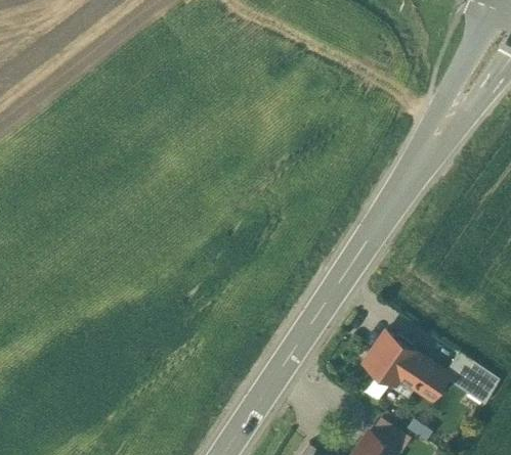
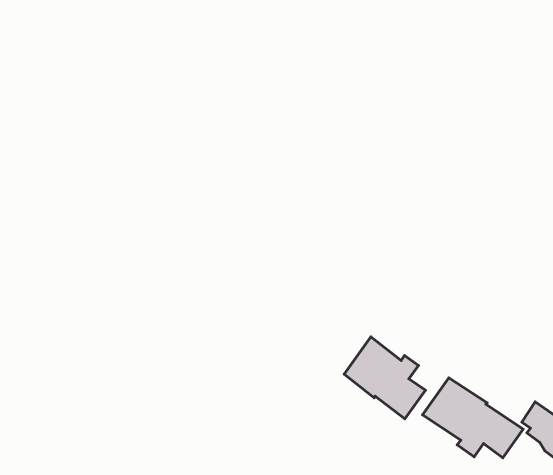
building: none -> [344,337,426,419]

